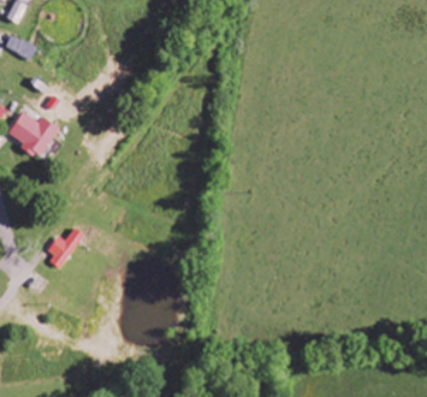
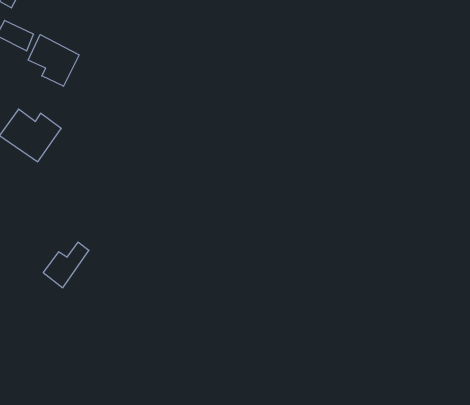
building: none -> [28,35,79,86]

